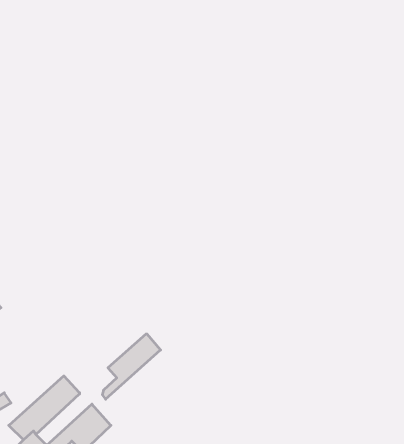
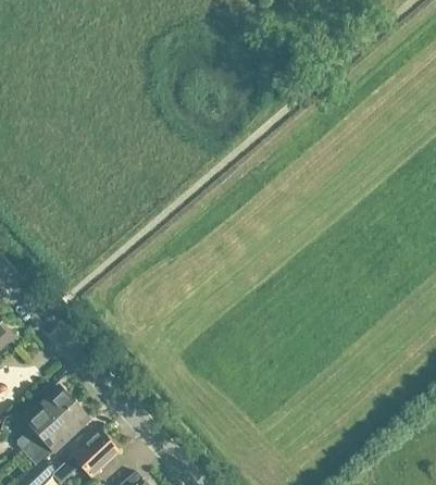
building: [102,334,161,399] -> [16,387,73,450]

